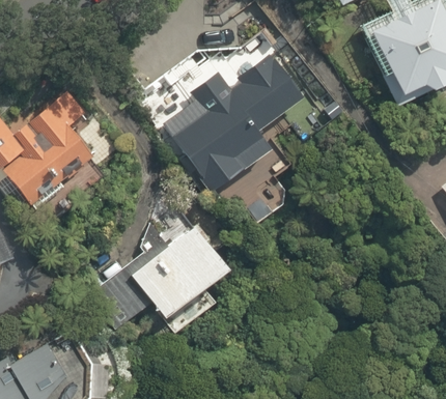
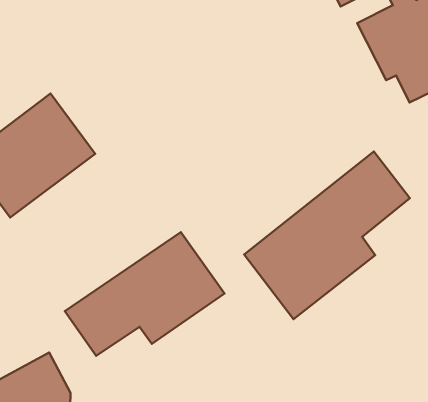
building: [165,32,303,191] -> none
building: none -> [244,152,410,319]

